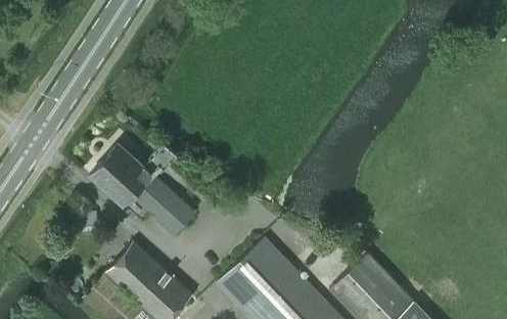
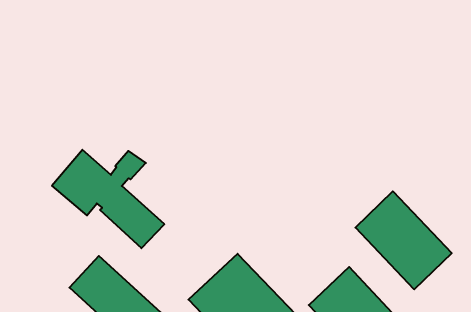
building: none -> [355,191,452,289]

